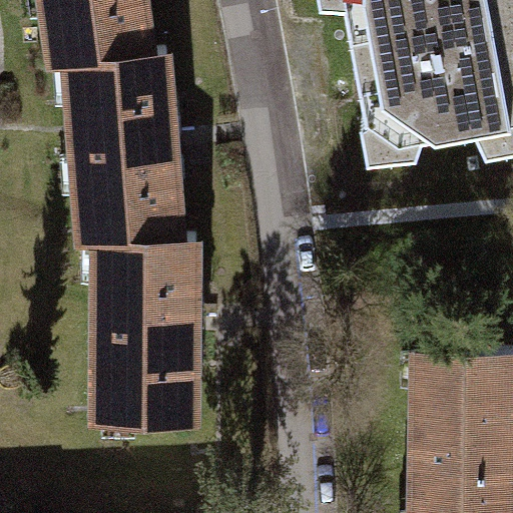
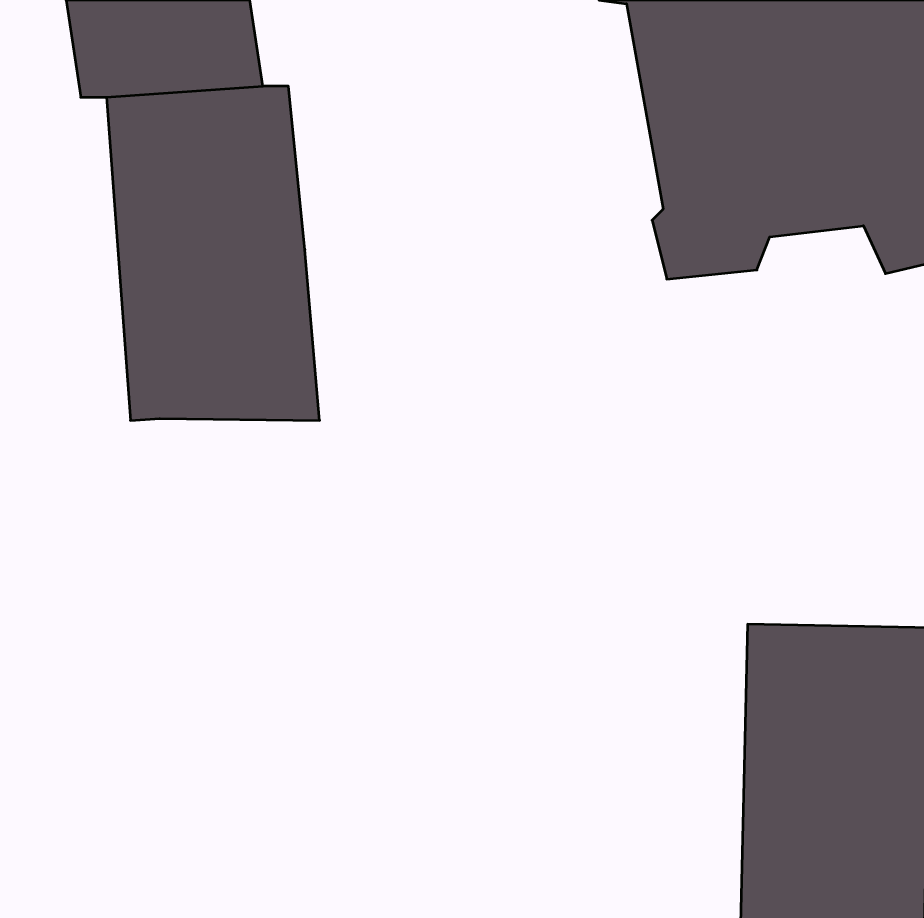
building: [93,239,196,423] -> none

